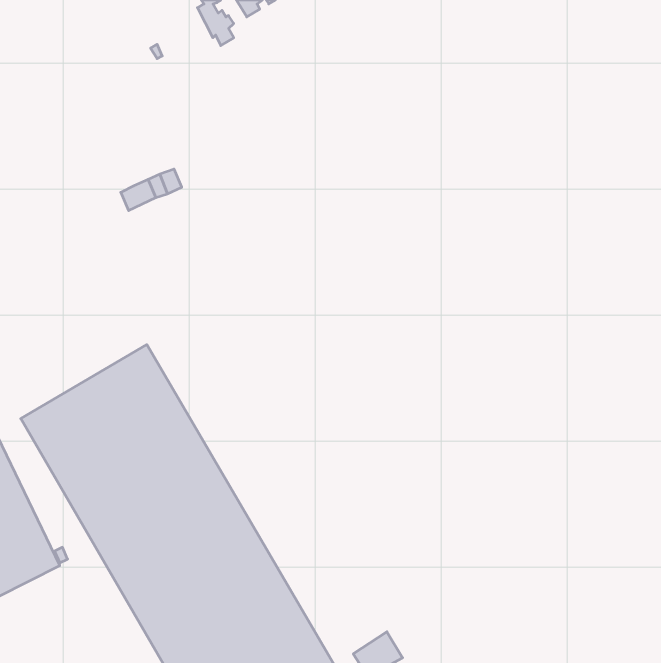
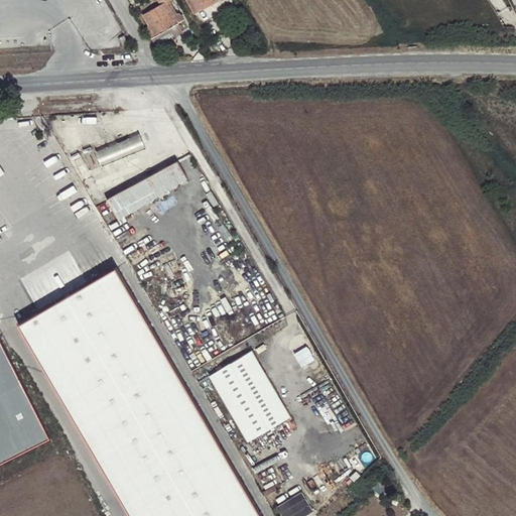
building: none -> [141,7,165,38]
building: none -> [106,162,187,219]
building: none -> [207,349,290,442]

